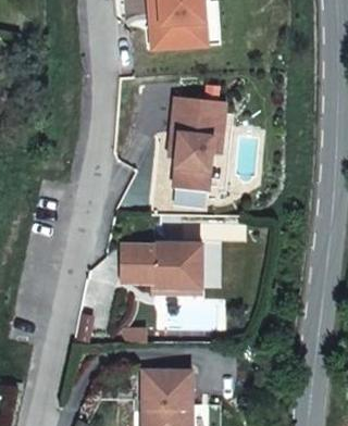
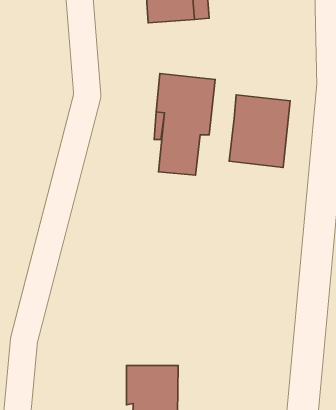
building: none -> [229,95,290,167]
building: [122,245,202,289] -> none

